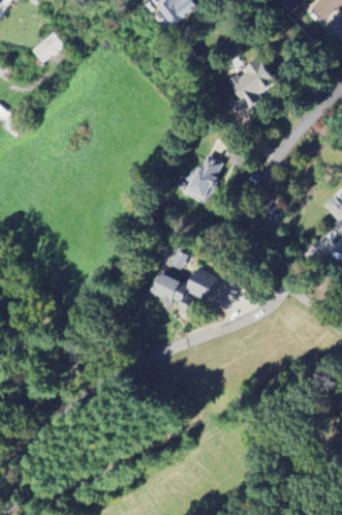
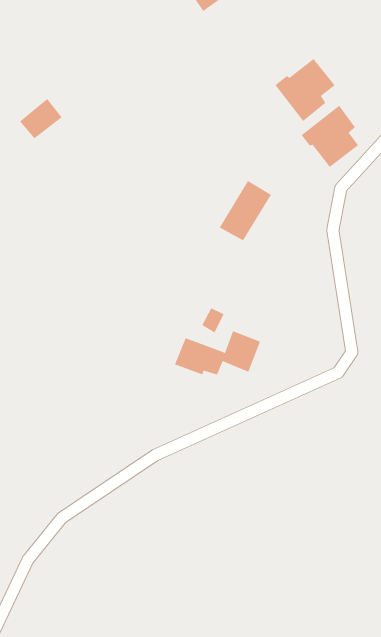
building: [32,32,65,63] -> [19,98,62,139]
building: none -> [301,105,359,168]

